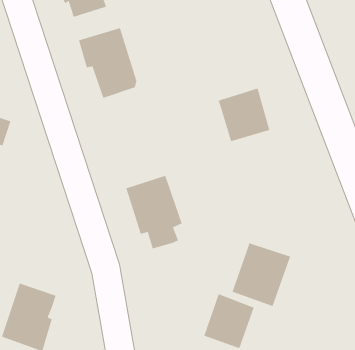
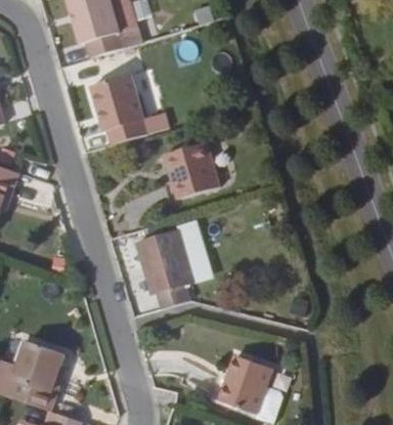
building: [218,88,270,142] -> [165,141,219,198]
building: [232,243,291,307] -> none

